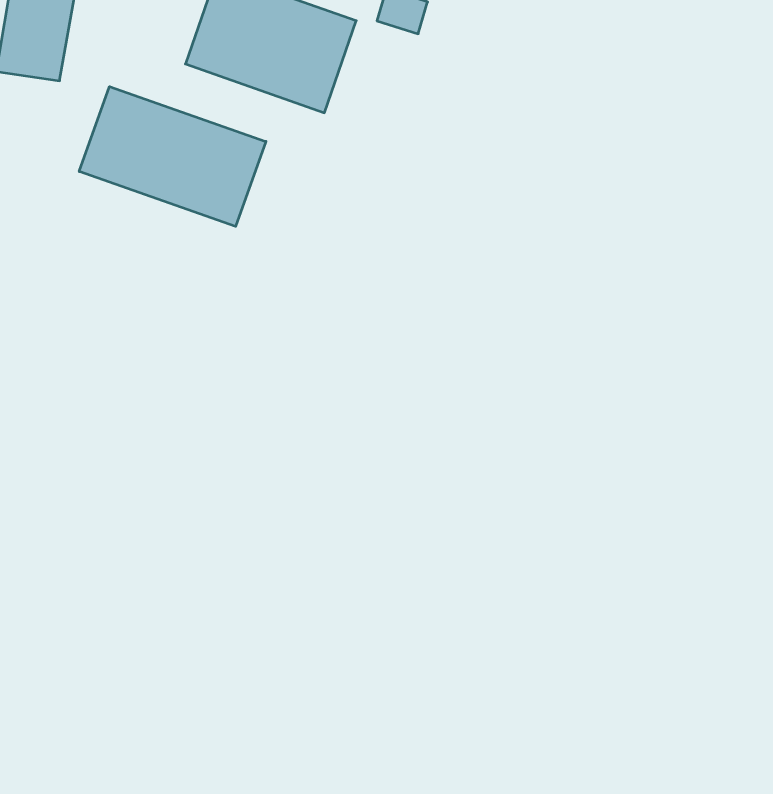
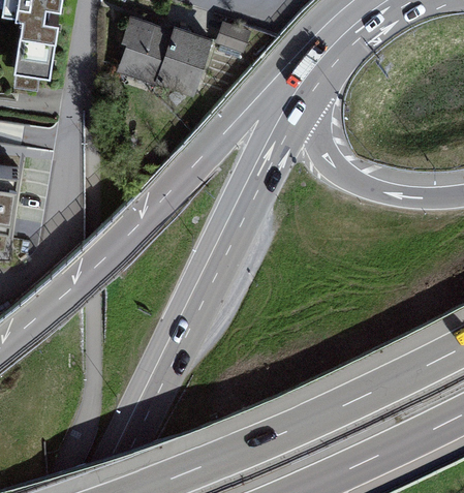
building: [79,87,266,226] -> none

